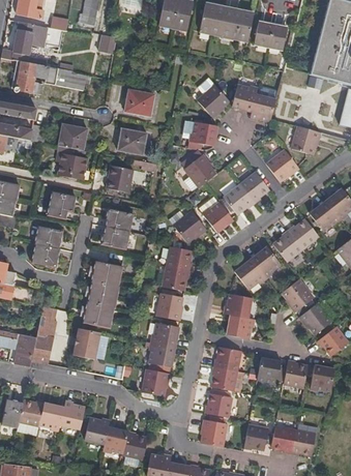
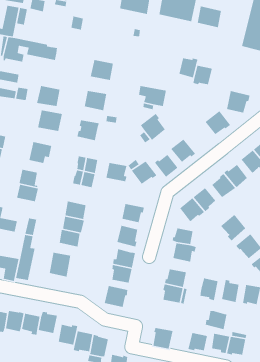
building: [197,80,229,120] -> none
building: [238,175,267,205] -> none
building: [166,246,193,271] -> [106,162,127,182]
building: [204,393,232,418] -> [205,310,227,330]

